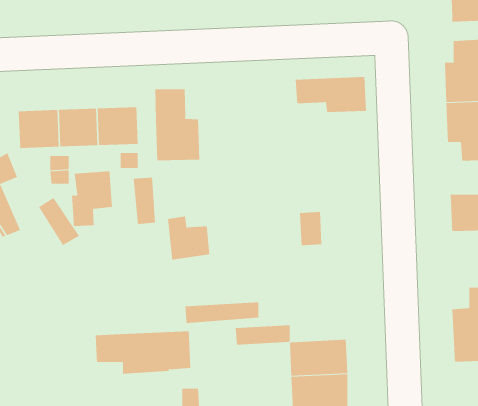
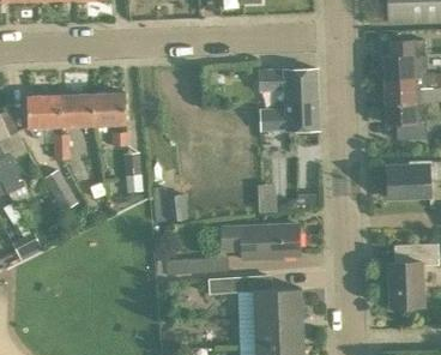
building: [155,88,200,161] -> none
building: none -> [259,97,319,136]
building: [71,171,113,227] -> none
building: [95,331,191,374] -> [219,224,300,260]

